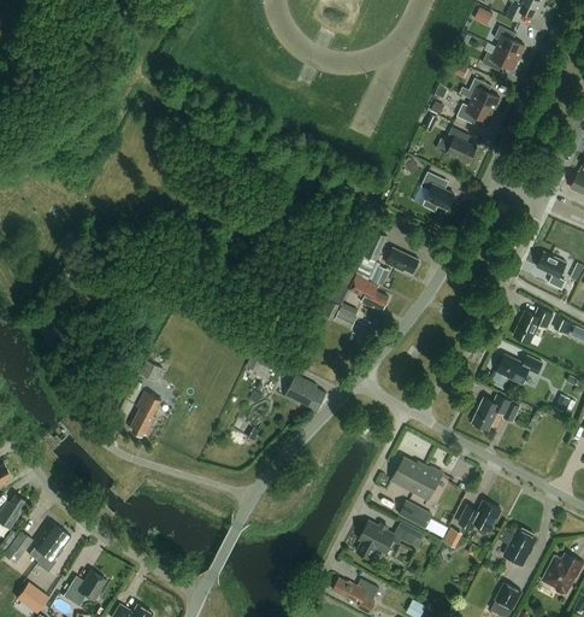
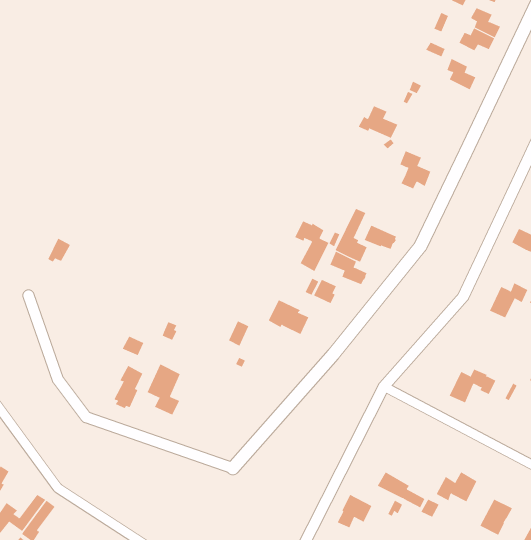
building: [456,100,494,124] -> none
building: [436,128,477,161] -> [358,105,398,139]
building: none -> [295,220,329,272]
building: [496,354,543,383] -> none
building: [284,375,326,411] -> [268,299,309,335]
building: none -> [147,364,181,415]
building: [391,457,443,500] -> none

